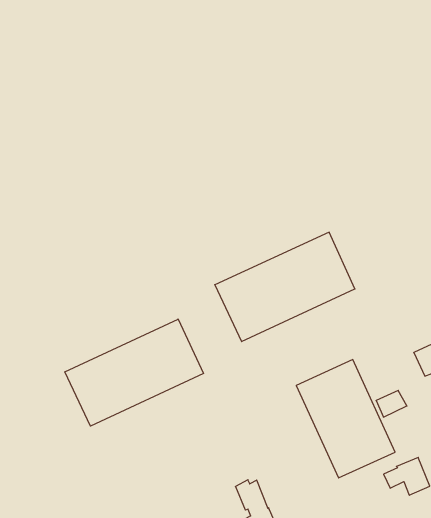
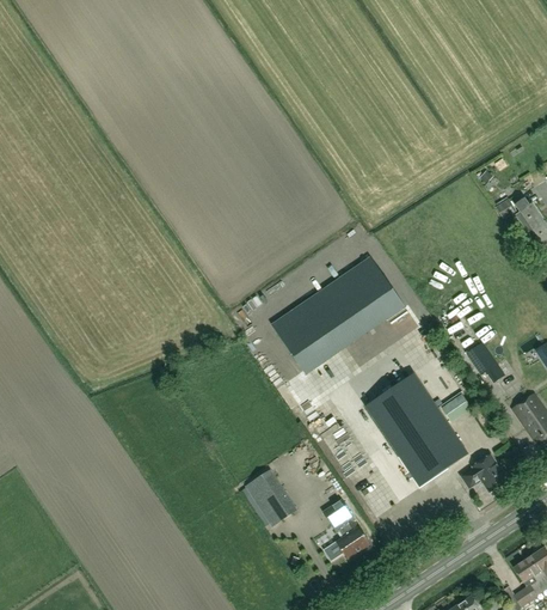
building: [65,319,204,426] -> none
building: none -> [245,469,295,525]

